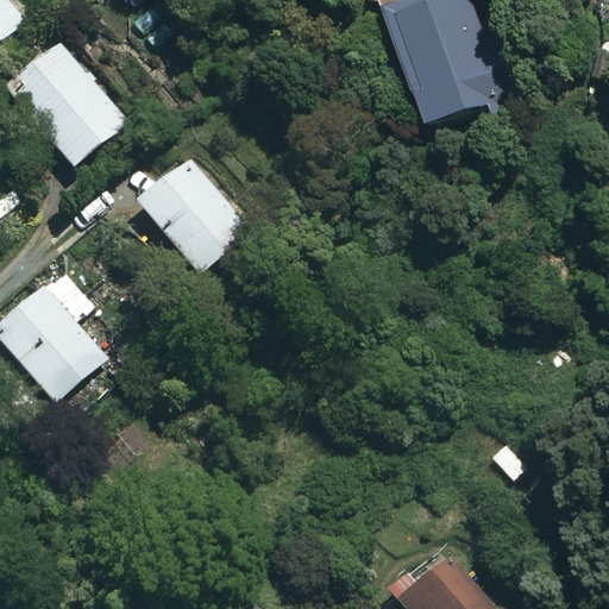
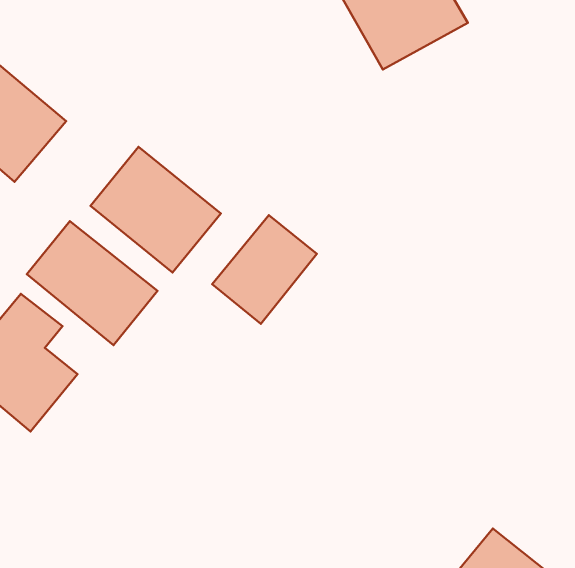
building: none -> [27,221,157,345]
building: none -> [212,215,317,324]

